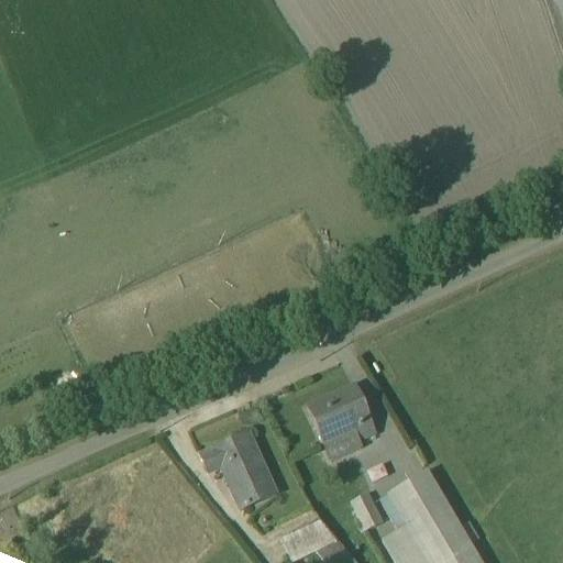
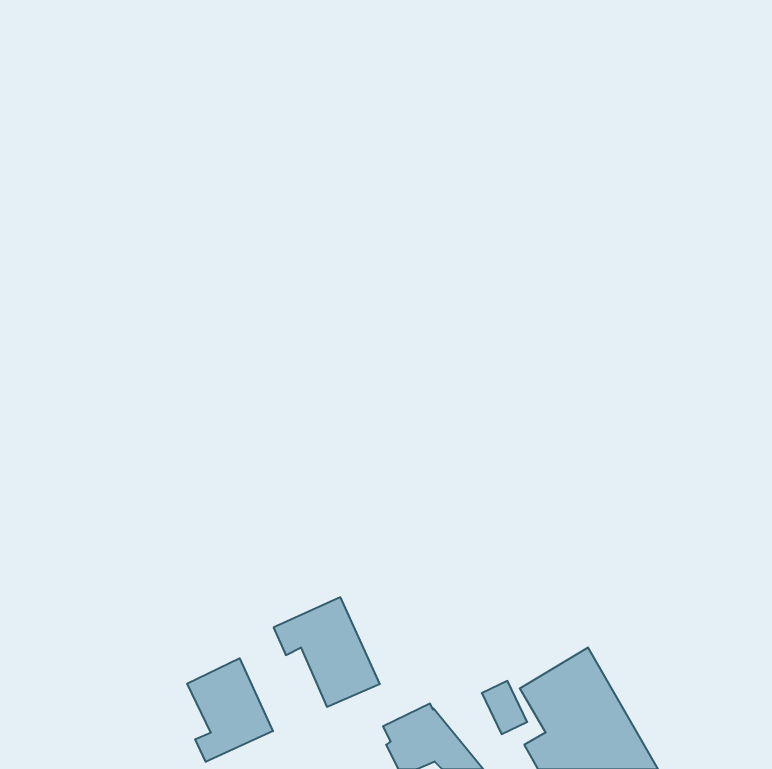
building: [308,389,377,461] -> none
building: none -> [187,658,273,762]

